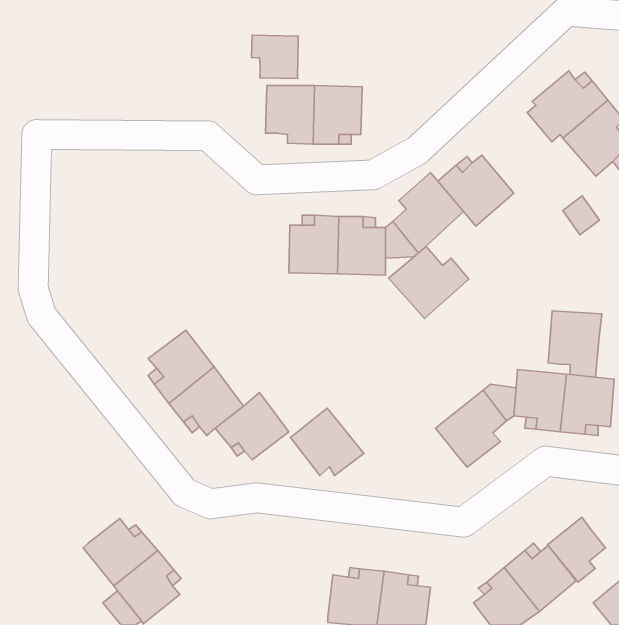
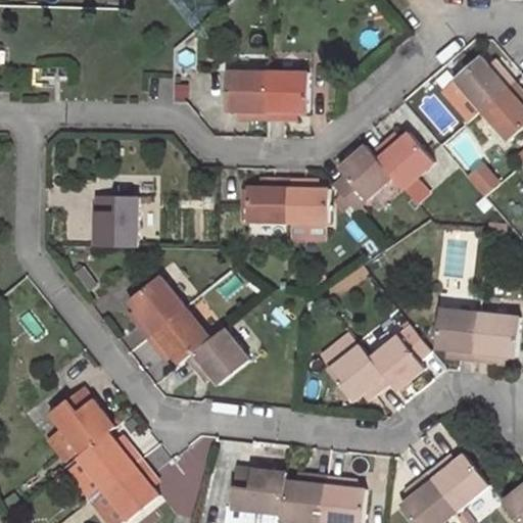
building: [252,35,298,79] -> none
building: none -> [95,194,139,246]
building: [389,247,469,319] -> none
building: [548,311,602,377] -> none
building: [290,408,364,475] -> [328,345,389,401]
building: none -> [47,388,110,454]
building: [547,517,606,582] -> none
building: none -> [229,467,284,515]

